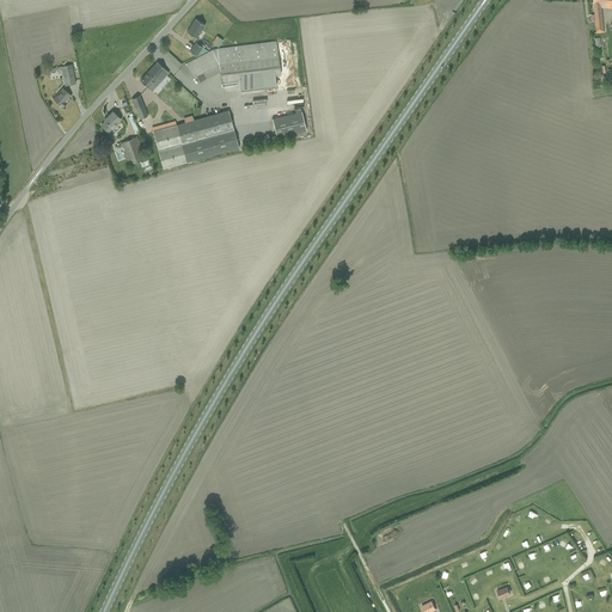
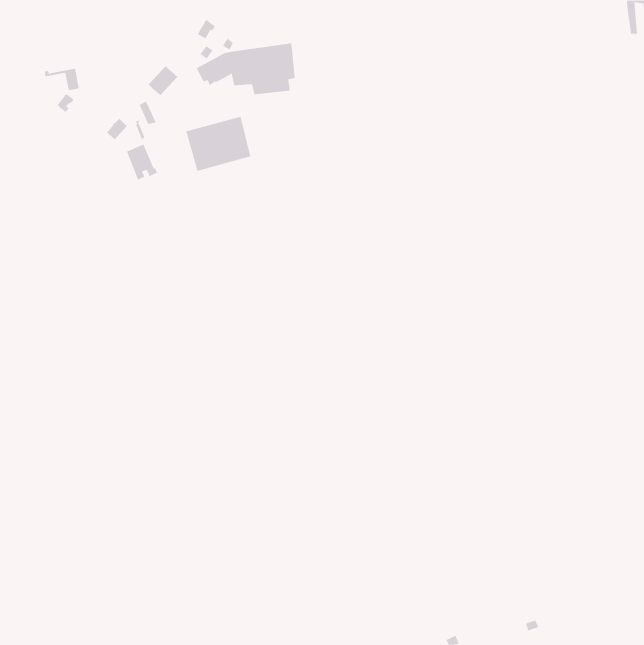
building: [274,108,307,137] -> none
building: [152,121,188,170] -> none

